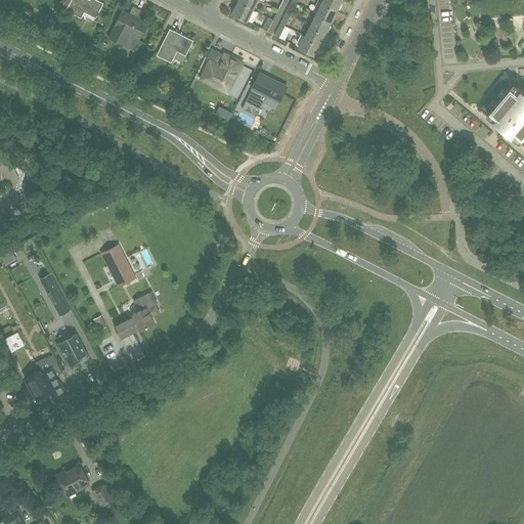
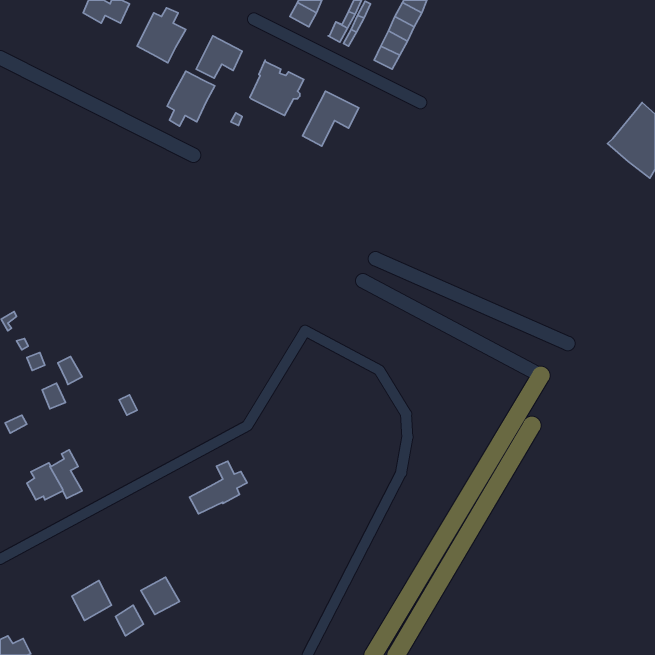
building: none -> [167,71,215,126]
building: [101,245,135,286] -> none
building: [114,296,160,338] -> [189,461,247,514]
building: [56,332,87,364] -> none
building: none -> [141,577,180,615]

